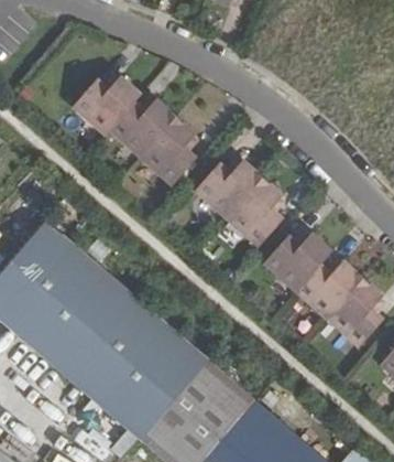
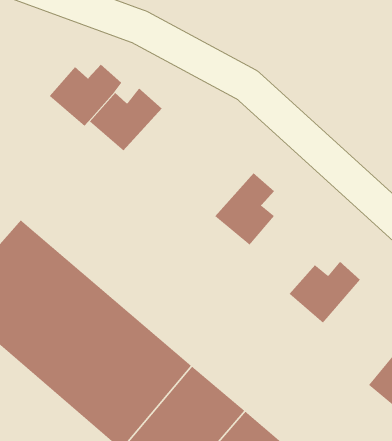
building: [142,118,197,185] -> none
building: [196,160,263,218] -> none
building: [264,233,332,291] -> none
building: [328,278,384,346] -> none

